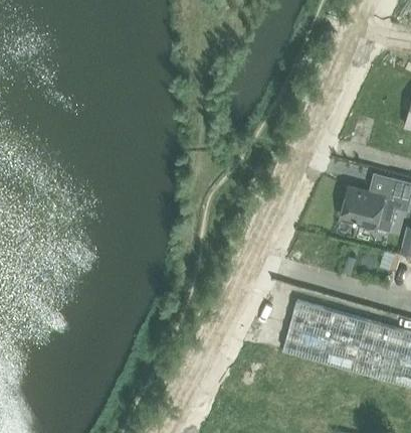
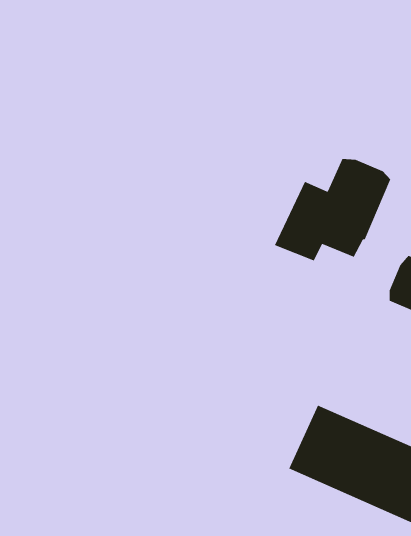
building: none -> [274,158,391,261]

